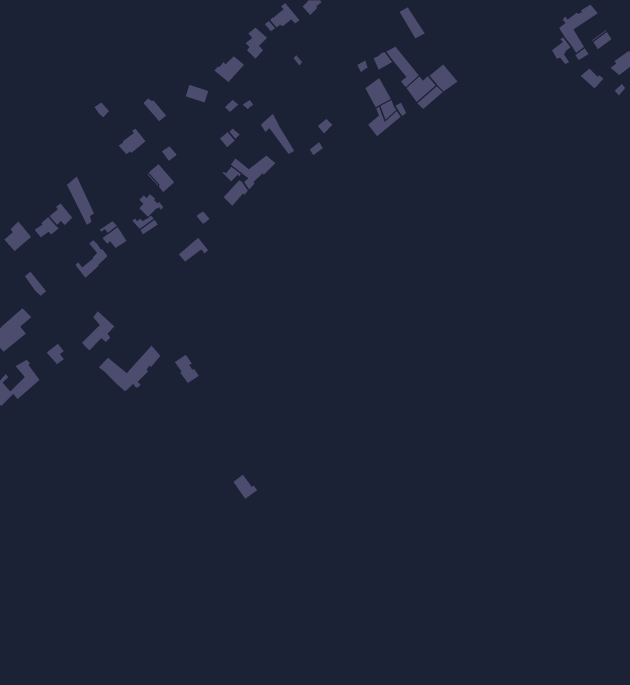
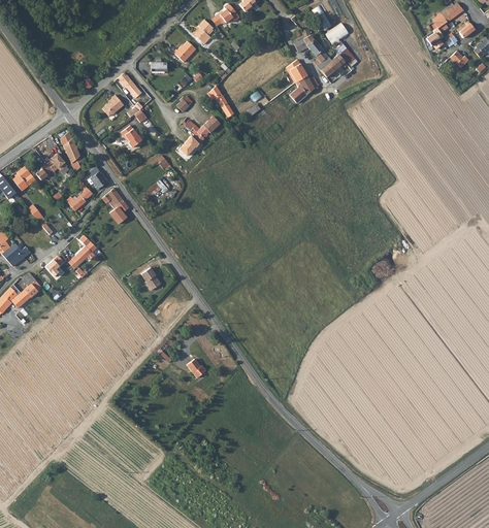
building: none -> [103,188,130,224]
building: [98,345,161,392] -> none

